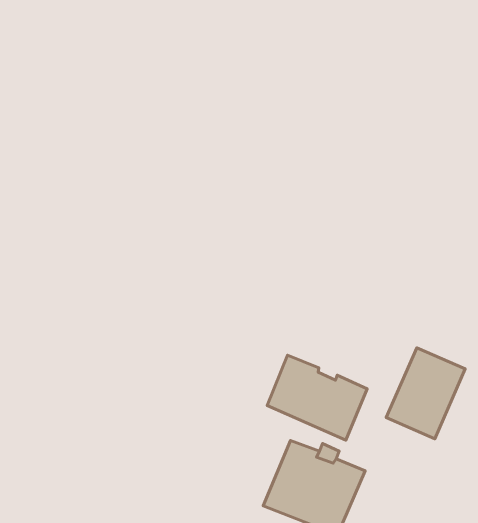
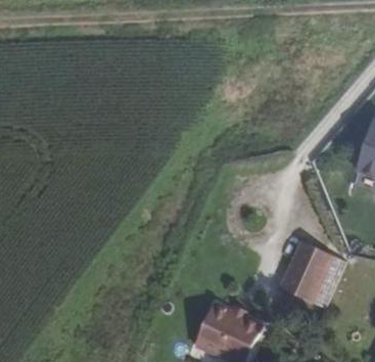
building: [267,355,367,440] -> none

